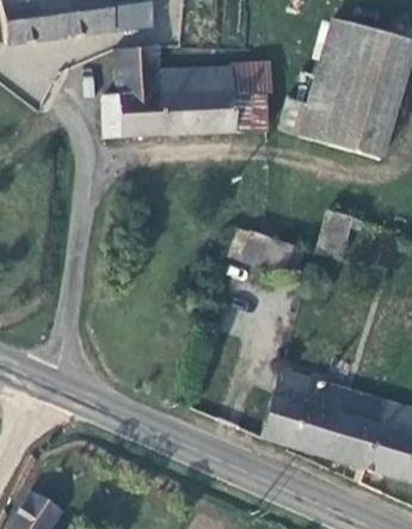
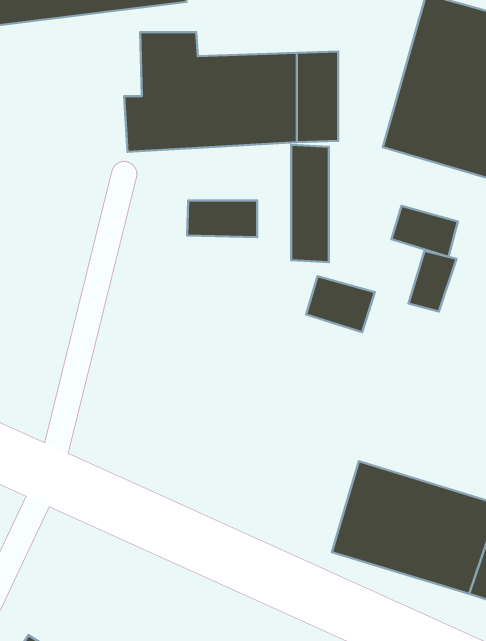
building: none -> [291,145,329,262]
building: none -> [187,200,257,237]
building: none -> [391,206,458,257]

